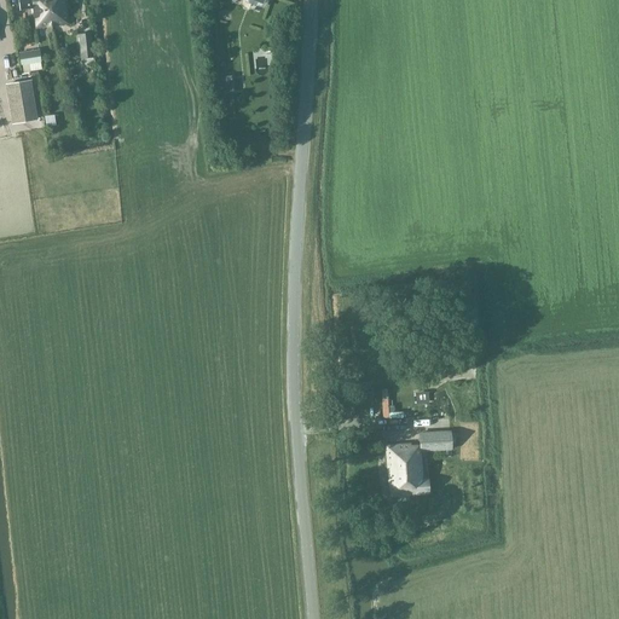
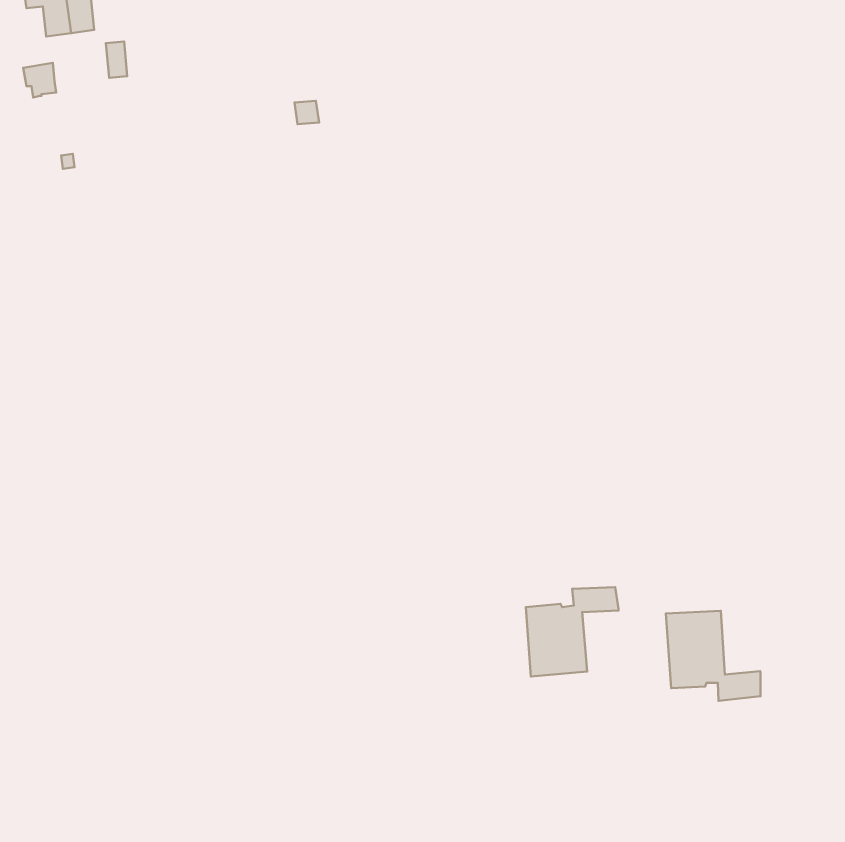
building: [8,79,36,120] -> none
building: none -> [666,611,761,701]

